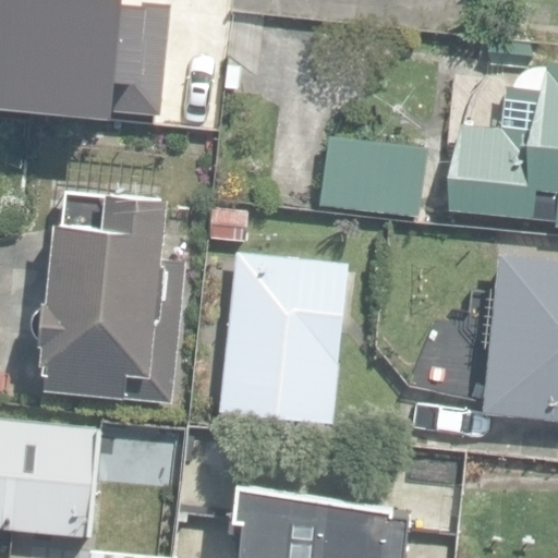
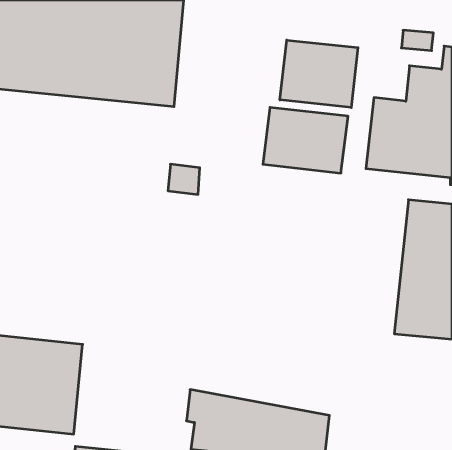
building: none -> [280,40,358,108]
building: [37,193,183,402] -> none
building: [216,253,348,425] -> none

